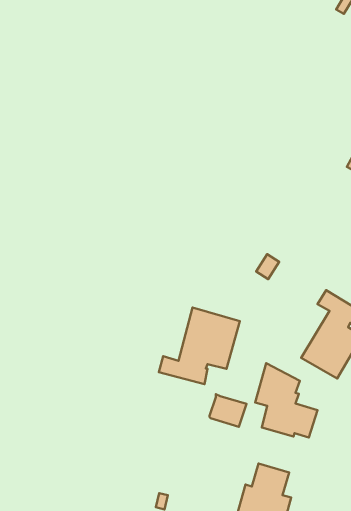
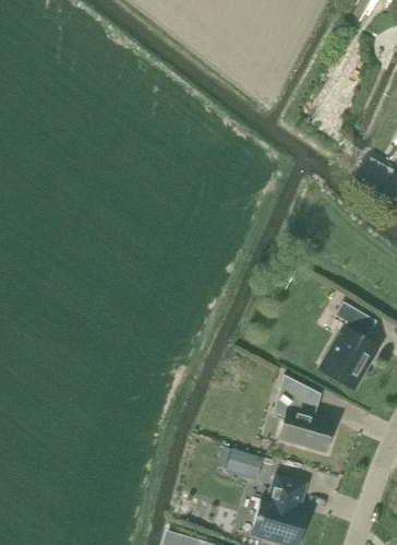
building: [159,308,240,384] -> none
building: [209,394,247,427] -> [226,447,263,479]

